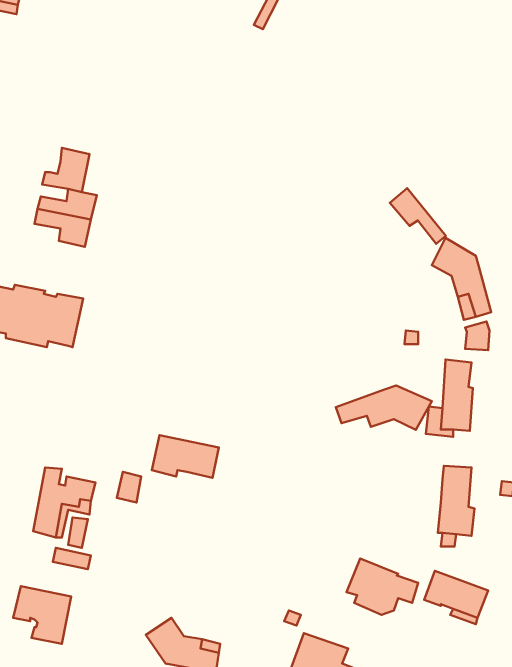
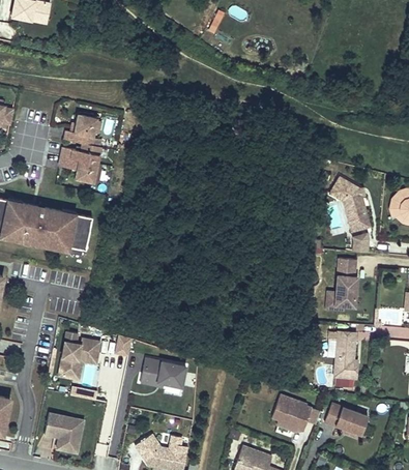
building: [390,188,446,244] -> none
building: [336,386,432,430] -> none
building: [152,435,219,478] -> [140,357,185,386]

